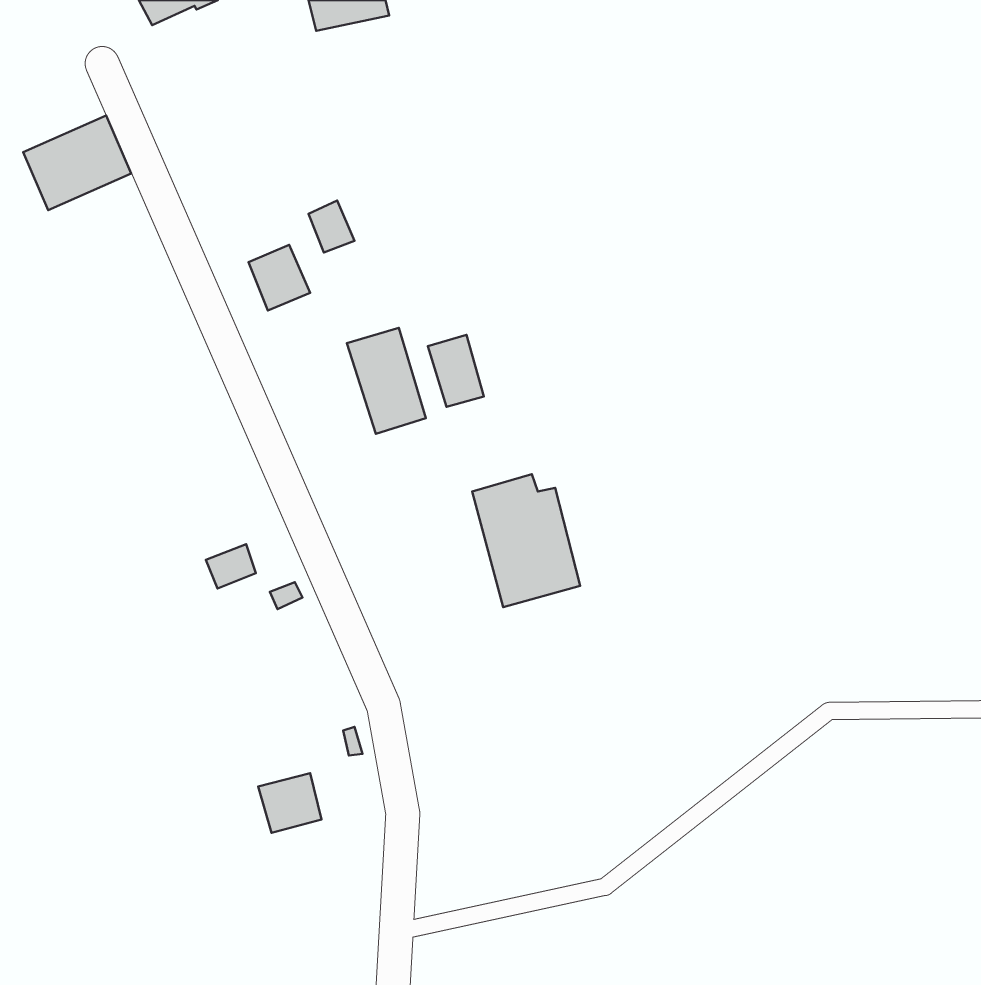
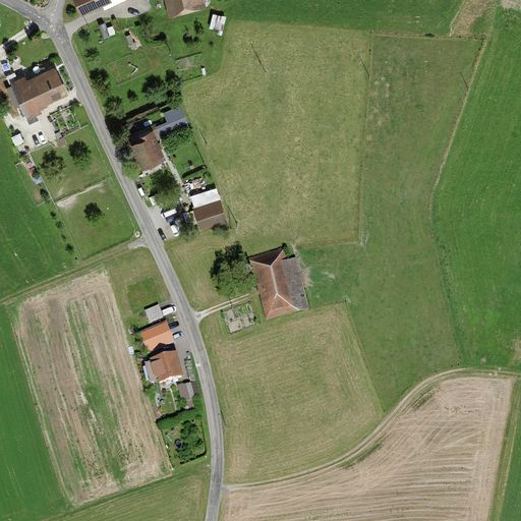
building: [428,335,484,407] -> none
building: [206,544,256,589] -> [141,327,168,350]
building: [258,773,322,833] -> [151,352,184,384]

